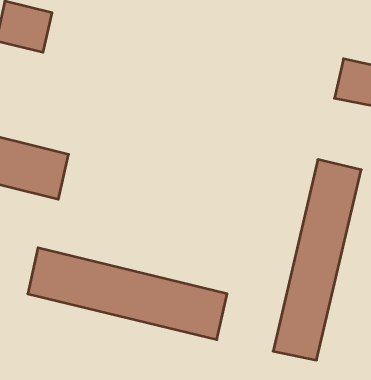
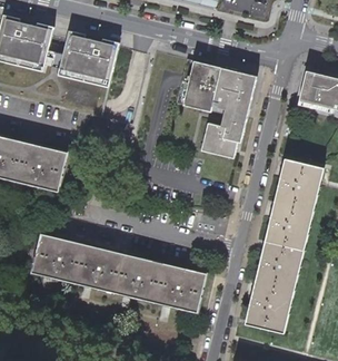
building: none -> [67,33,117,84]
building: none -> [188,61,260,158]

